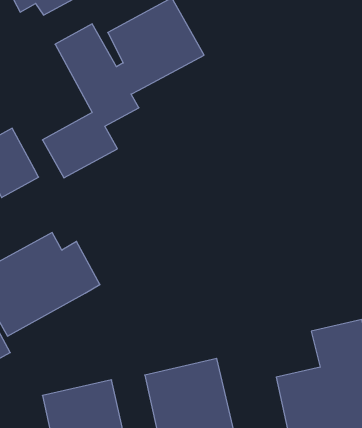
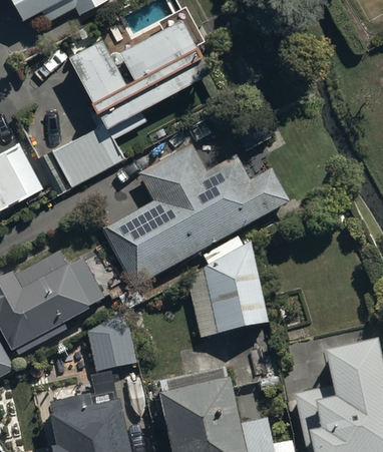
building: none -> [98,143,288,288]
building: none -> [188,250,269,340]
building: none -> [88,322,137,374]

